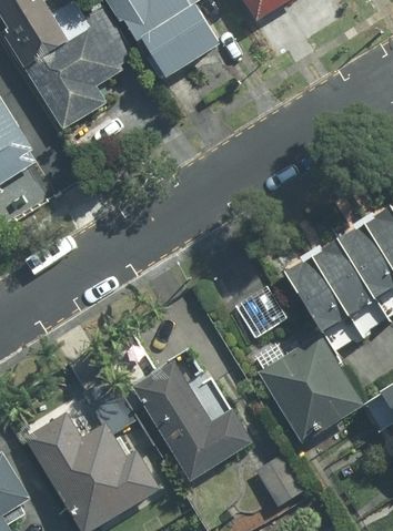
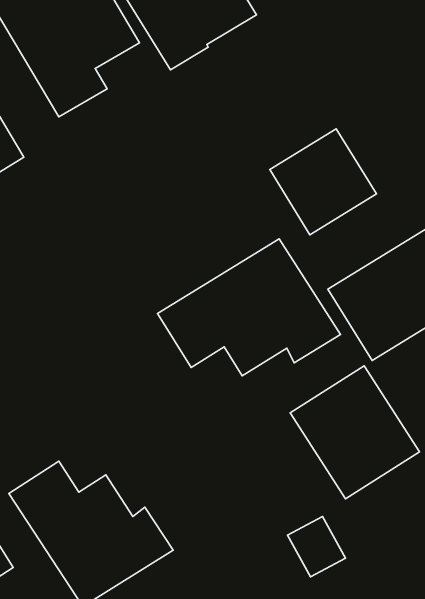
building: none -> [270,129,376,235]
building: none -> [158,239,341,376]
building: [130,360,253,480] -> none

